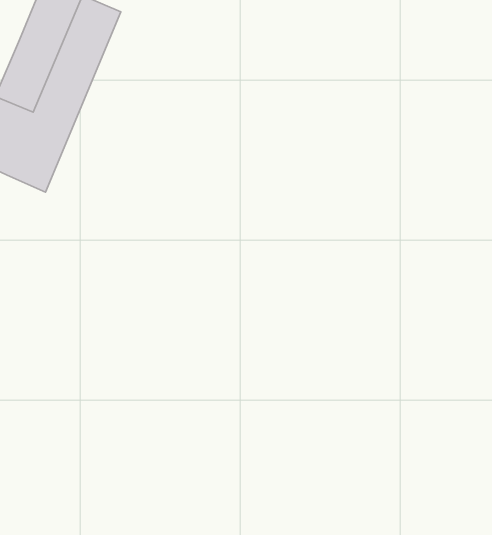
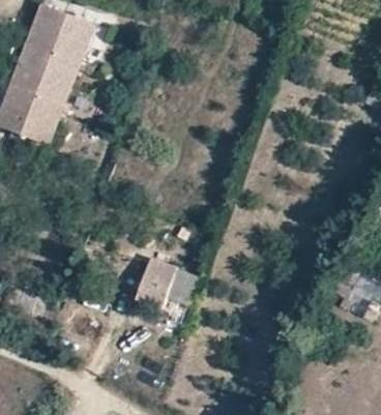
building: none -> [139,254,179,304]

